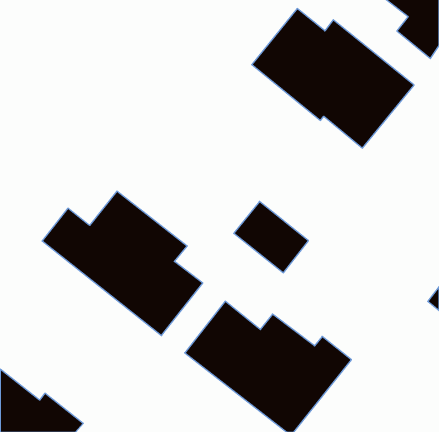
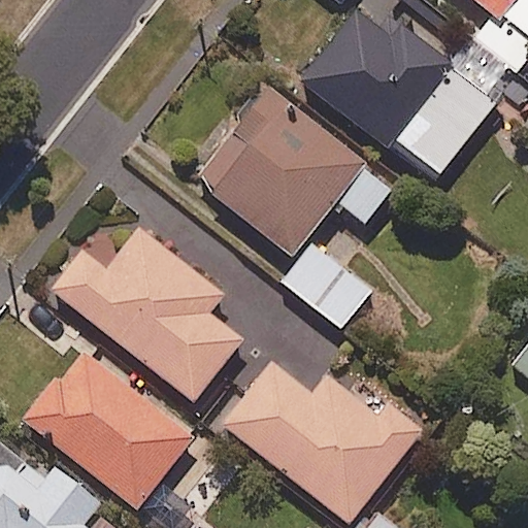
building: none -> [193,85,393,255]
building: none -> [26,350,194,509]

